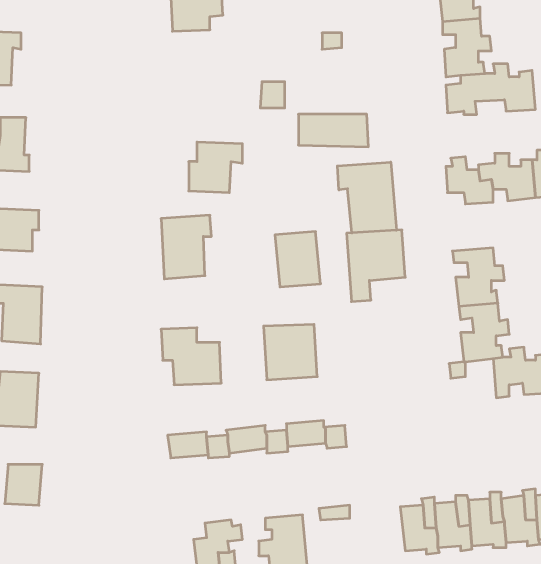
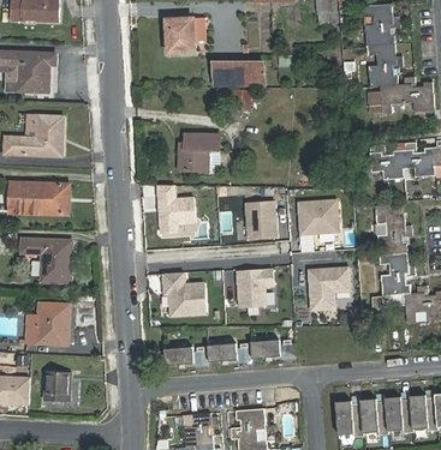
building: [298,114,368,147] -> [213,61,264,85]
building: [337,162,396,233] -> none
building: none -> [305,265,350,311]

